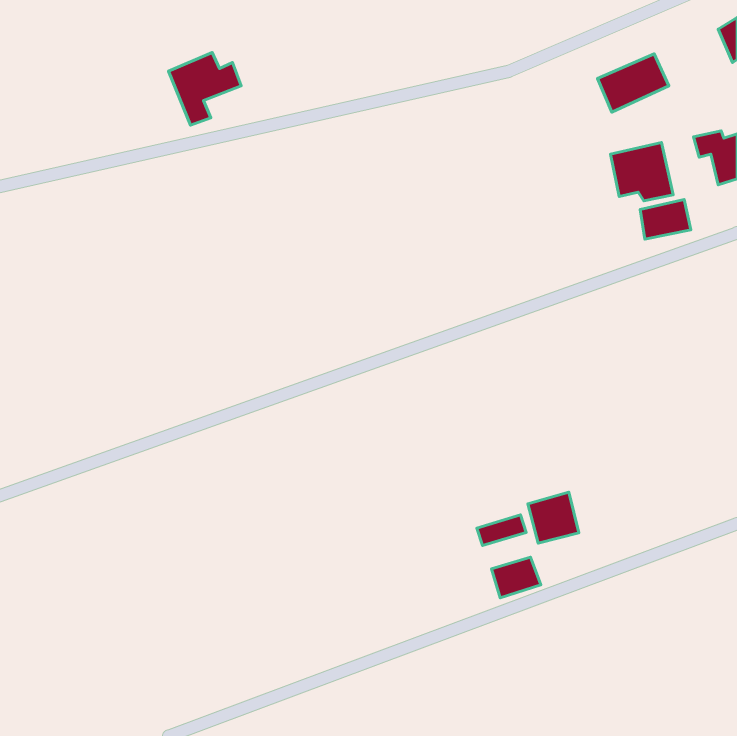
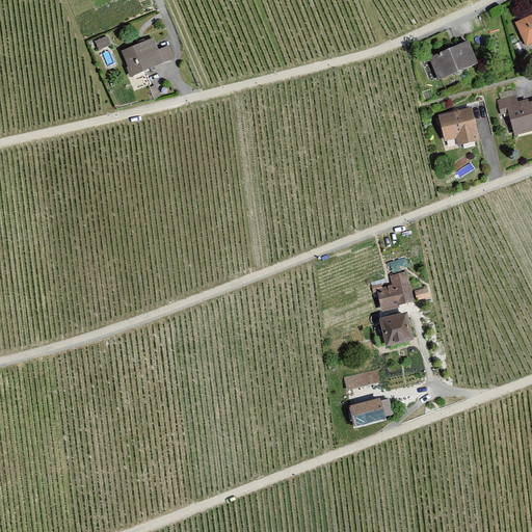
building: [640,199,691,239] -> none
building: none -> [377,270,415,312]
building: [528,492,579,543] -> [380,312,417,348]

